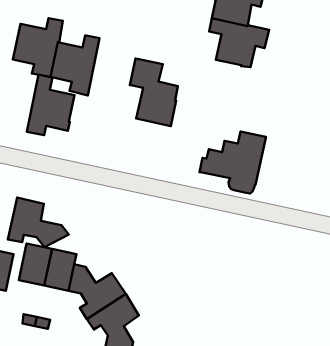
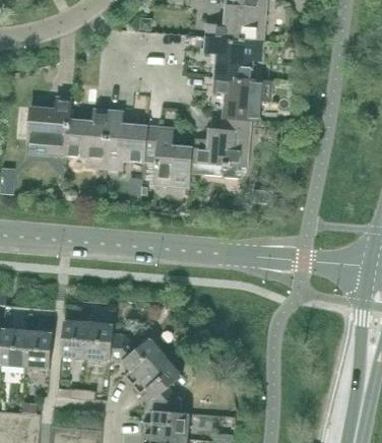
building: [27,75,74,135] -> [105,112,146,170]
building: [200,131,266,193] -> [190,118,250,177]
building: [8,198,69,247] -> none

